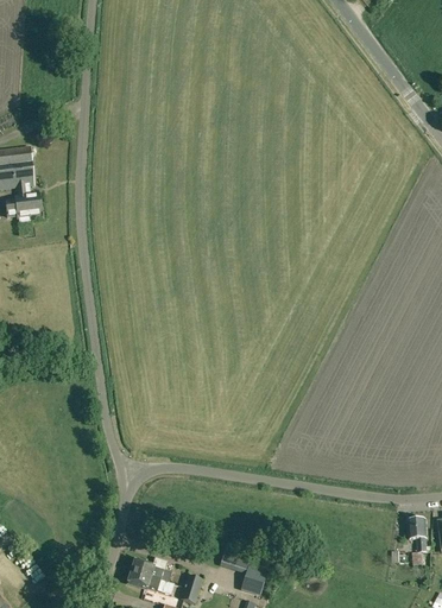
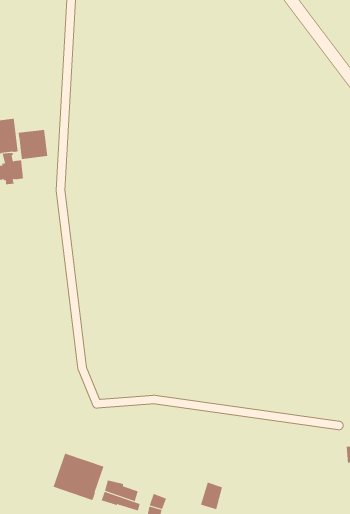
building: none -> [18,129,48,160]
building: none -> [53,453,104,501]

